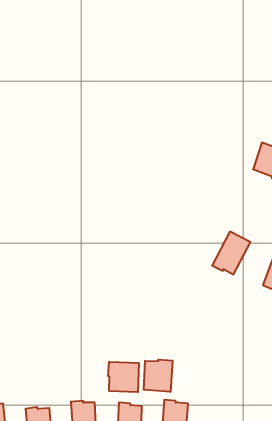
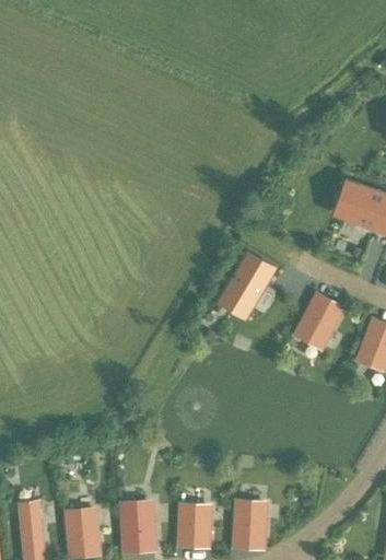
building: none -> [224,254,272,307]
building: [144,360,173,392] -> none
building: [108,362,139,392] -> none

